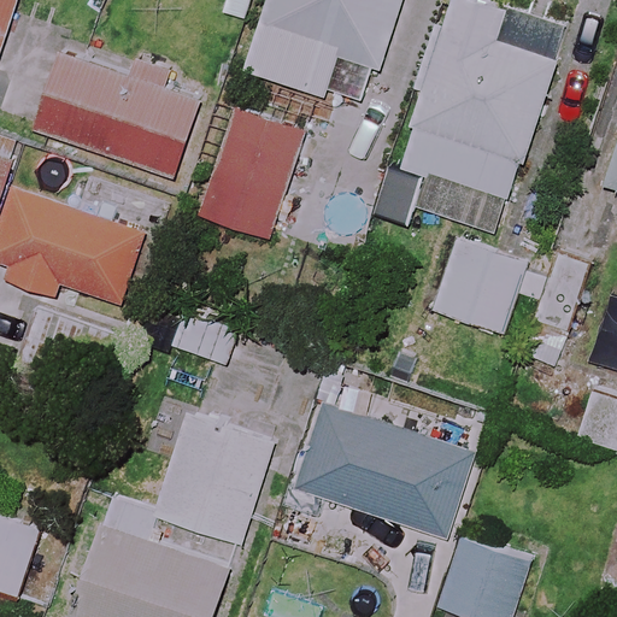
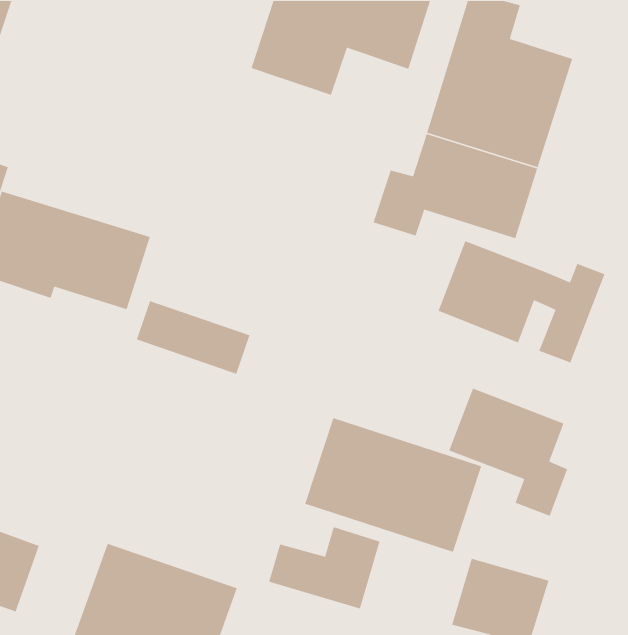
building: [36,51,199,175] -> none
building: [196,101,304,235] -> none
building: none -> [448,388,568,517]
building: [153,459,262,540] -> [268,526,380,610]

